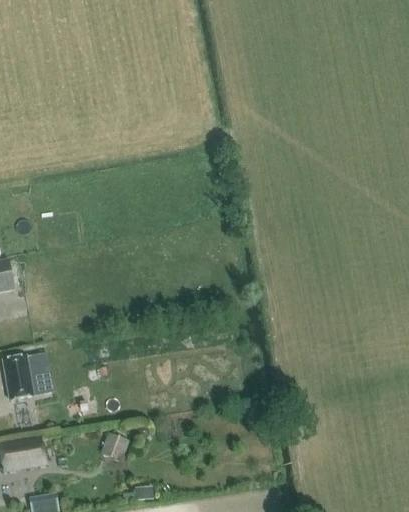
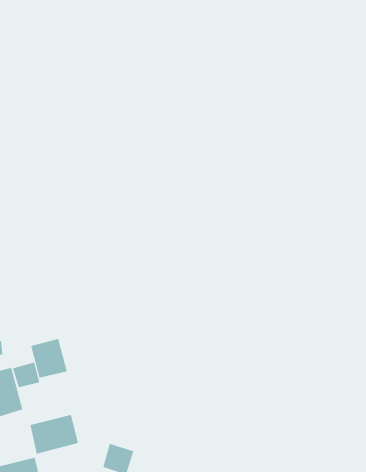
building: none -> [31,338,68,379]
building: none -> [30,414,79,454]

